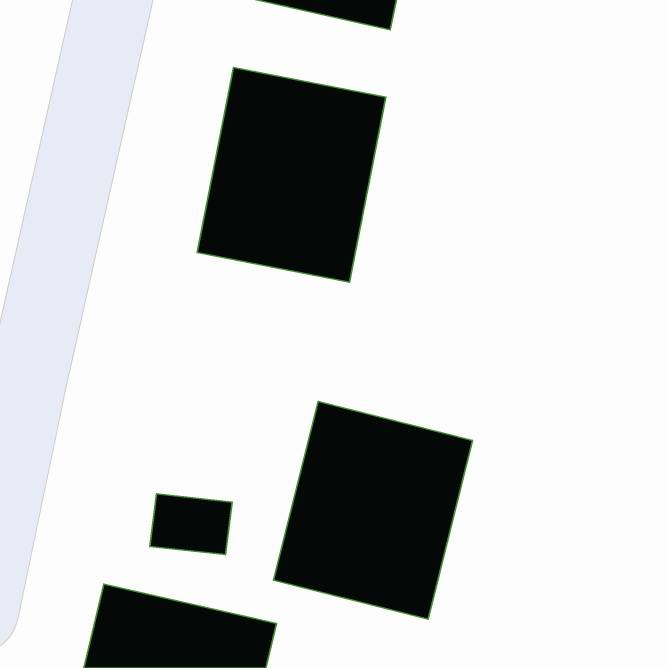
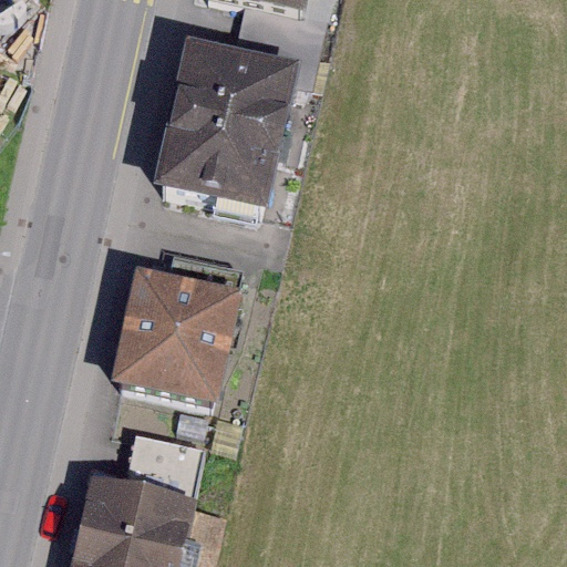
building: none -> [118,275,250,417]
building: [274,402,473,619] -> none

